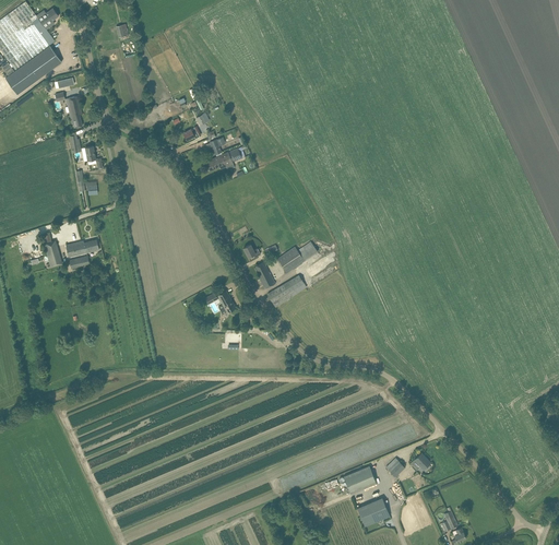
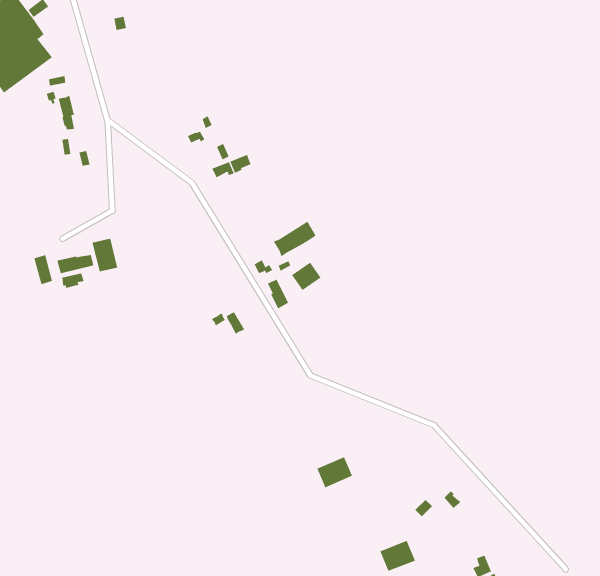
building: none -> [92,238,118,272]
building: [267,274,307,307] -> [273,221,316,257]
building: [344,465,377,494] -> [317,457,353,488]

